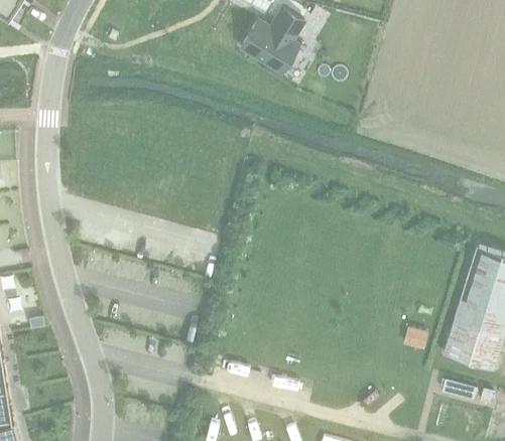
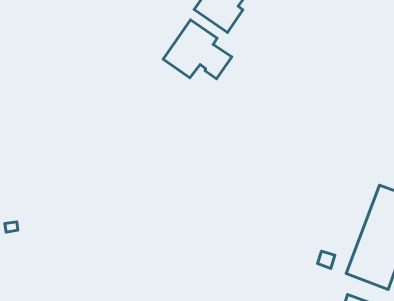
building: none -> [163,20,232,79]

